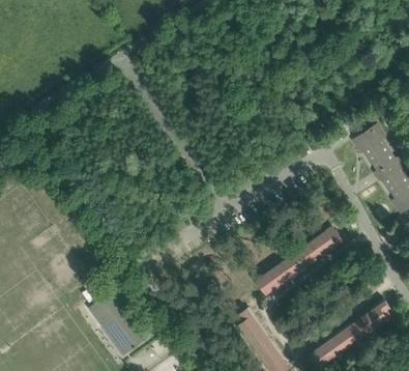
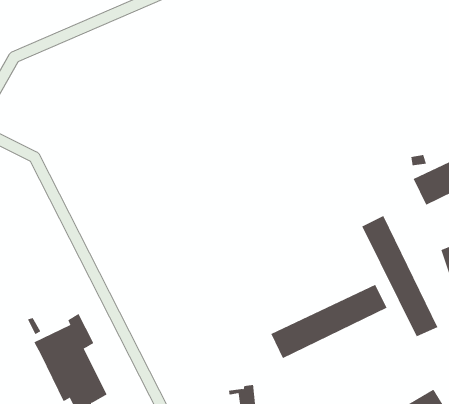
building: none -> [361,215,438,337]

